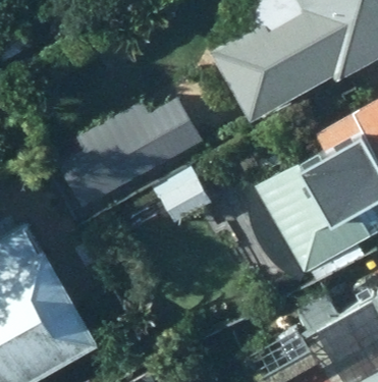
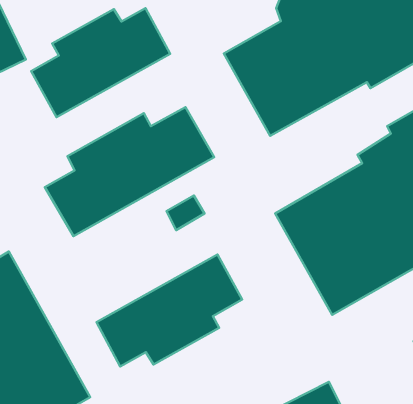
building: none -> [31,8,170,117]
building: none -> [97,255,242,367]

